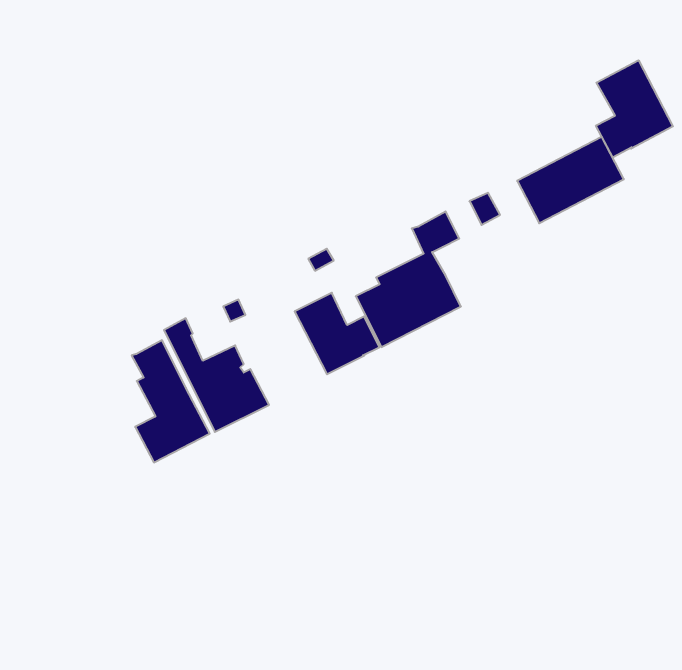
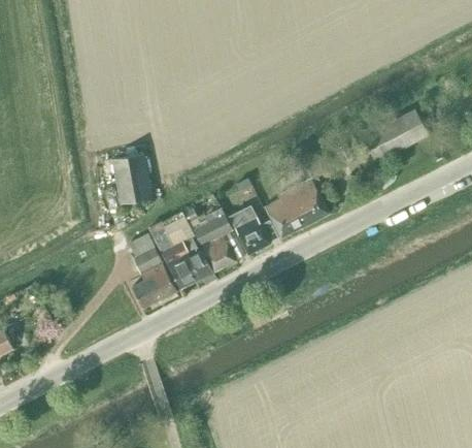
building: [596,60,673,157] -> none
building: none -> [111,153,151,203]
building: none -> [193,207,245,271]

